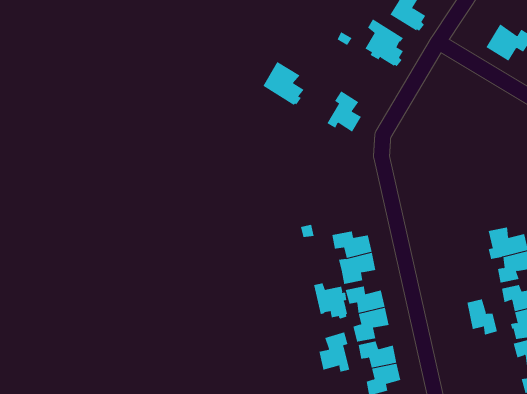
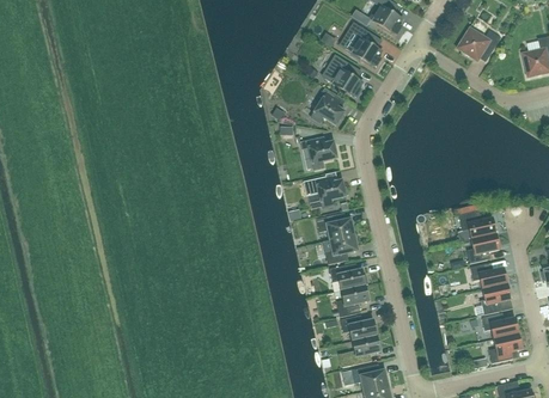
building: [262,61,304,106] -> [325,55,364,96]
building: none -> [301,136,337,169]
building: none -> [304,174,348,207]
building: [313,283,348,320] -> none
building: [467,299,498,336] -> none
building: [319,332,350,372] -> none

